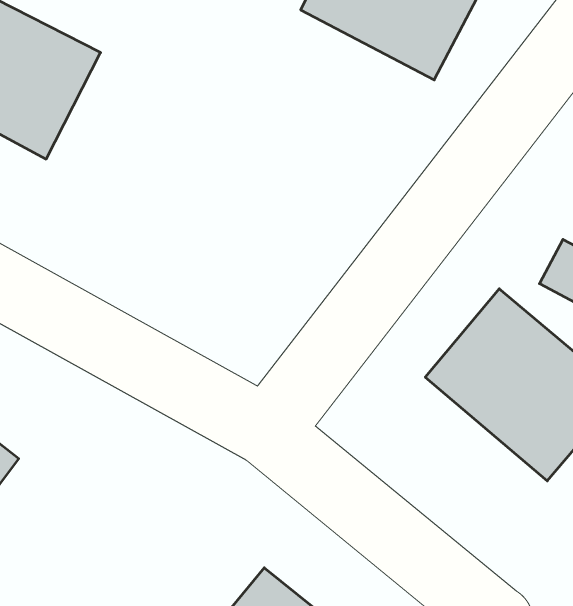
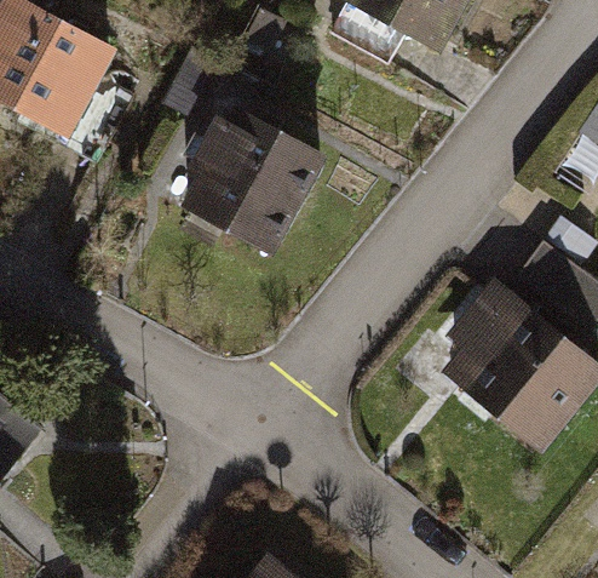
building: none -> [169,75,328,229]

